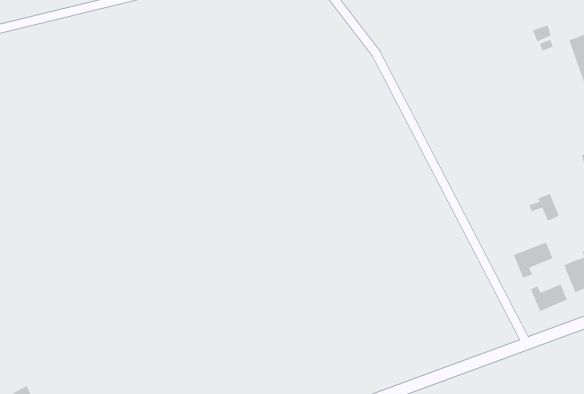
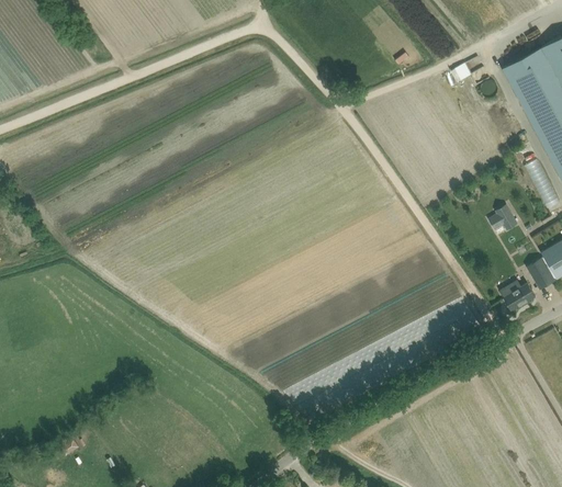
building: [513,242,553,279] -> none

